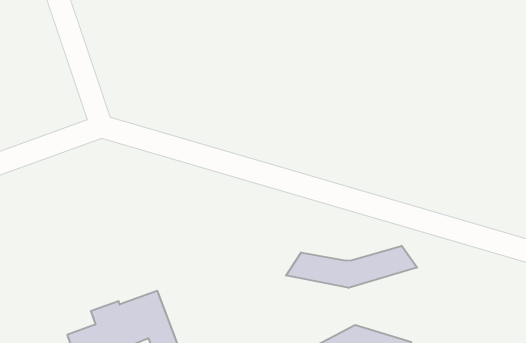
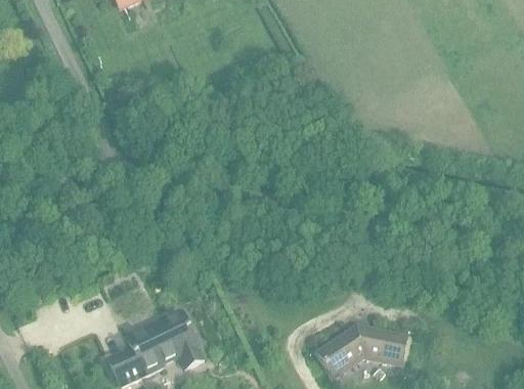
building: [286,246,417,288] -> none

